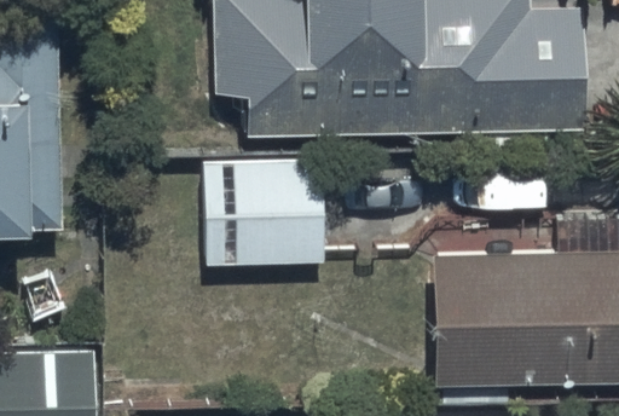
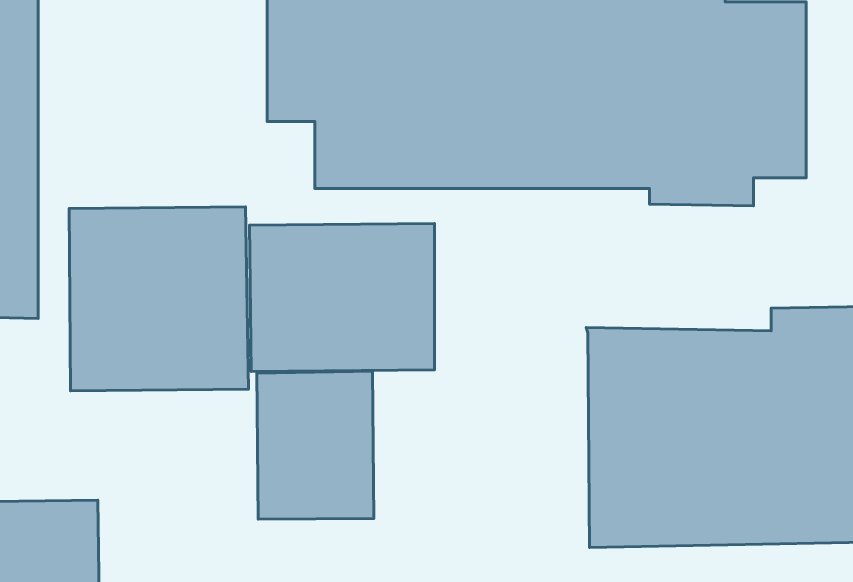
building: none -> [69,207,249,391]
building: none -> [257,371,374,519]

